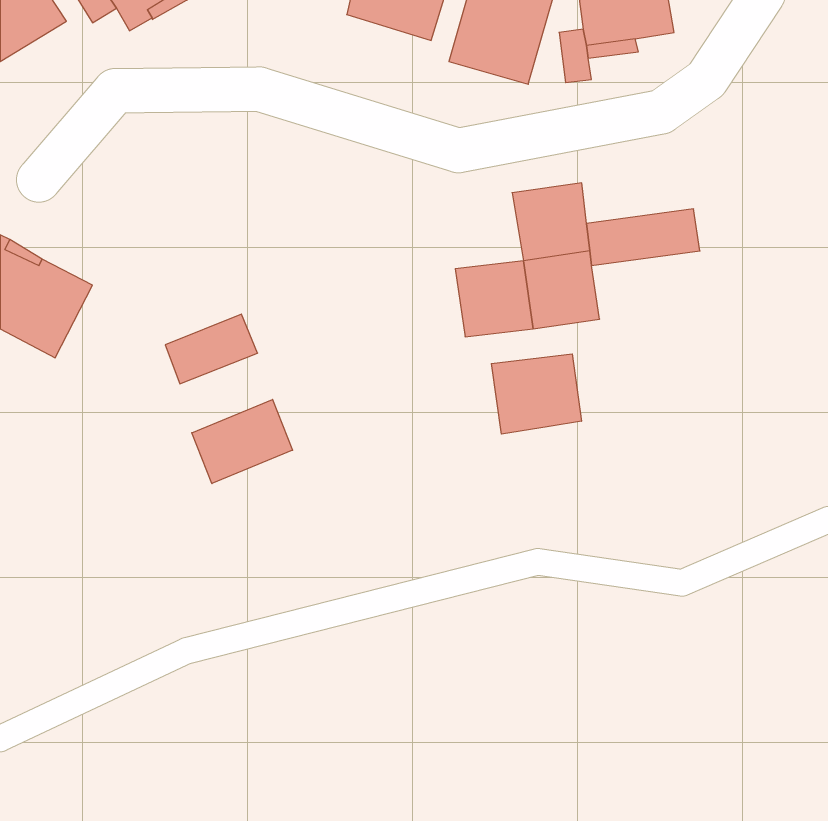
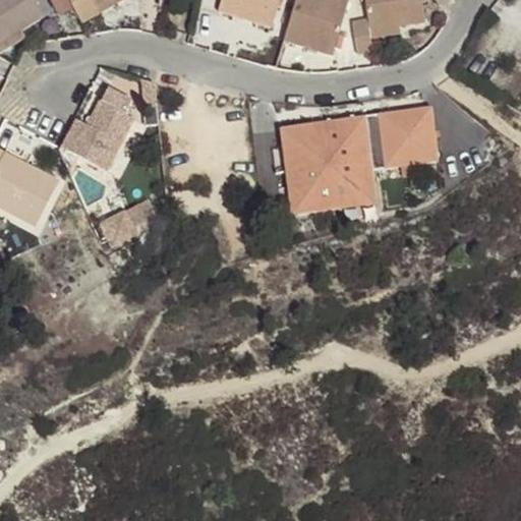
building: none -> [58,84,137,176]
building: none -> [365,106,436,140]
building: none -> [280,121,329,169]
building: [491,354,581,434] -> none
building: [192,399,293,484] -> none

